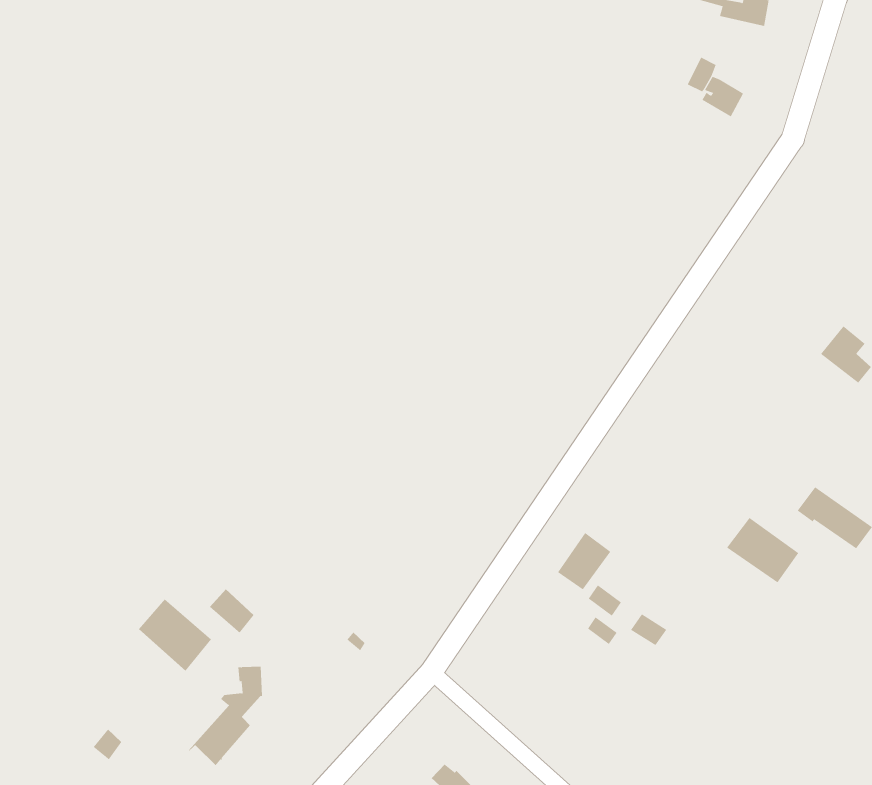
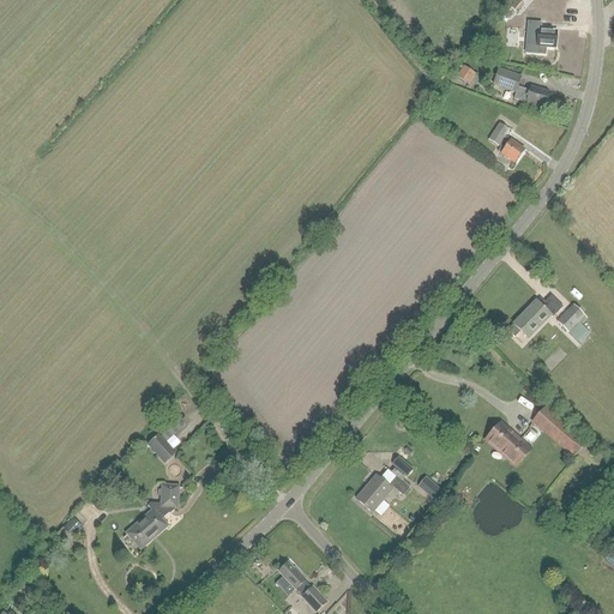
building: none -> [507,294,562,336]
building: [557,532,611,590] -> [355,474,391,511]
building: [138,599,212,671] -> none

